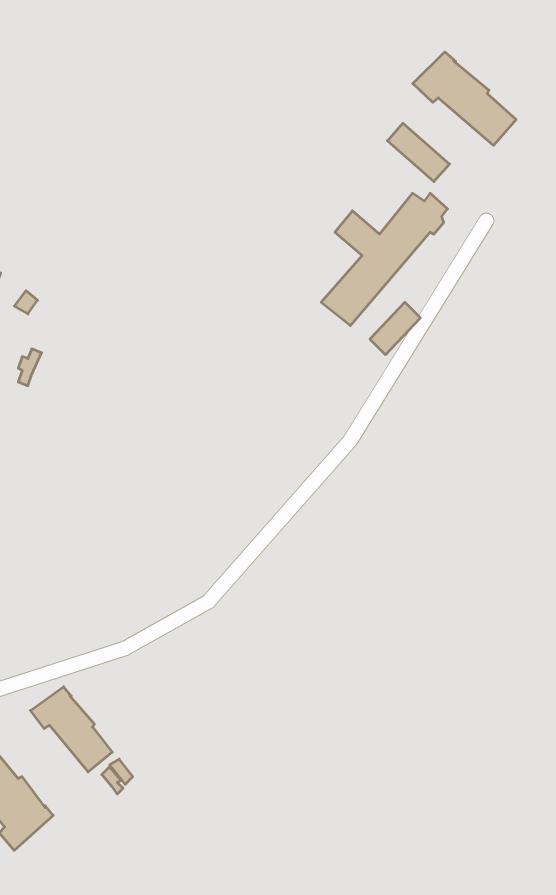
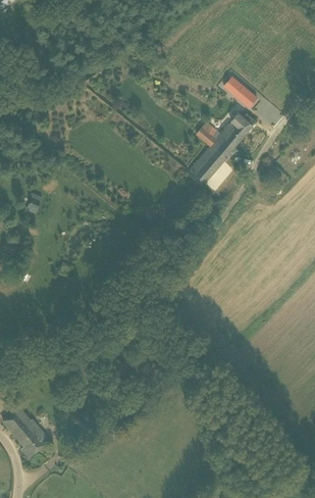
building: [413,52,516,145] -> none
building: [30,687,112,772] -> none

